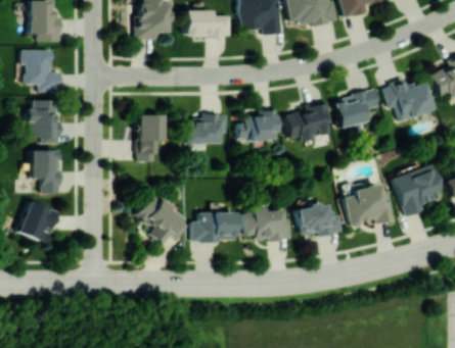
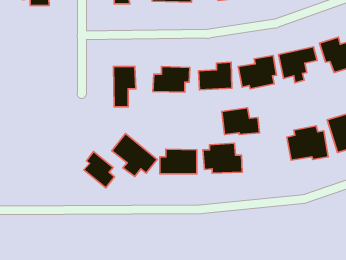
building: [21,50,61,92] -> none
building: [29,100,61,145] -> none
building: [31,150,59,194] -> none
building: [18,201,59,244] -> none
building: [298,204,343,236] -> [222,108,260,135]
building: none -> [84,152,114,188]

